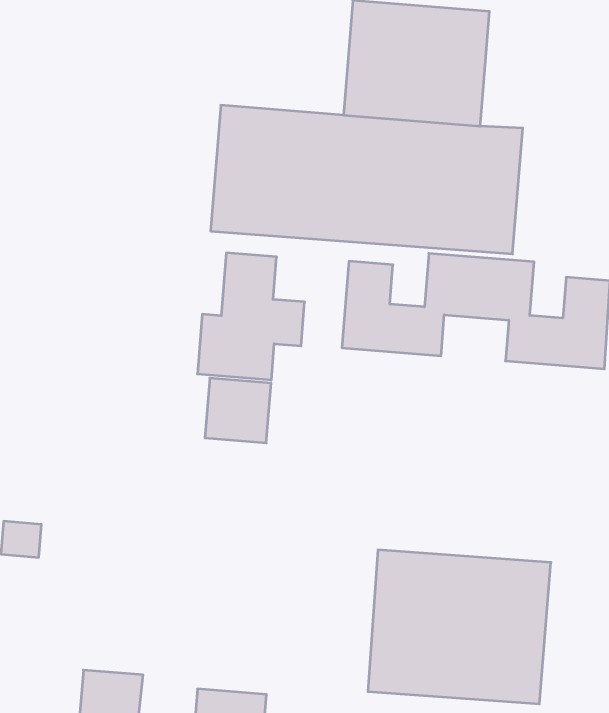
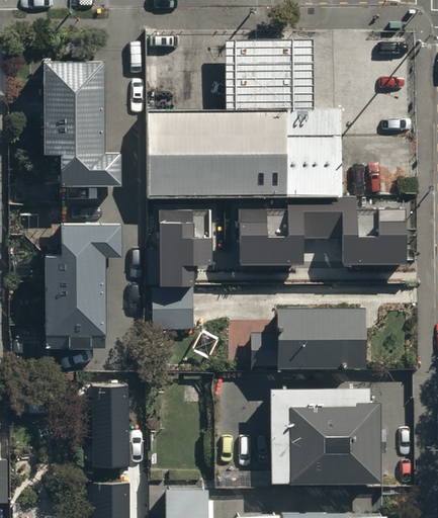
building: none -> [42,64,112,185]
building: none -> [40,226,110,346]
building: none -> [276,311,368,366]
building: none -> [91,387,129,469]

